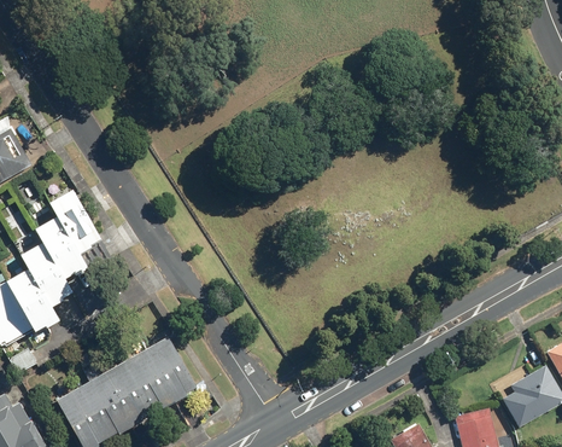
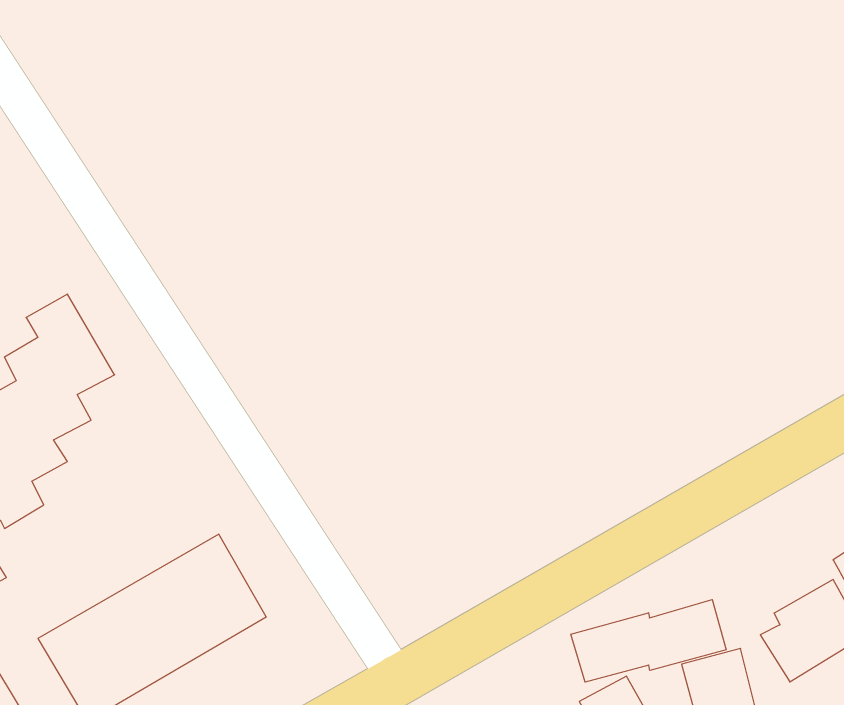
building: none -> [571,600,726,682]

